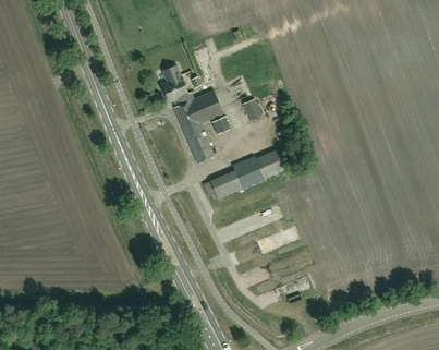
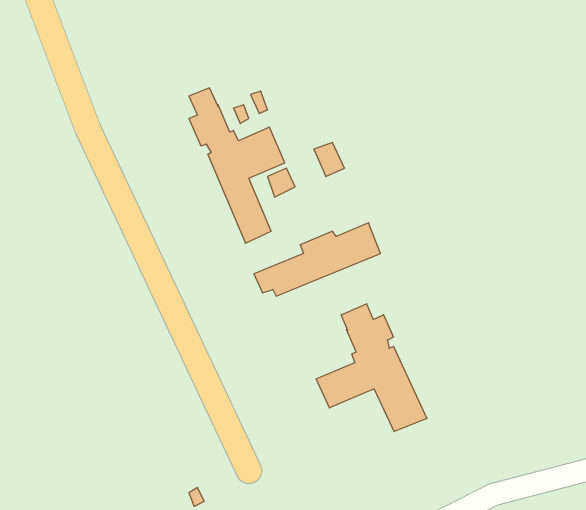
building: none -> [316,304,427,432]

